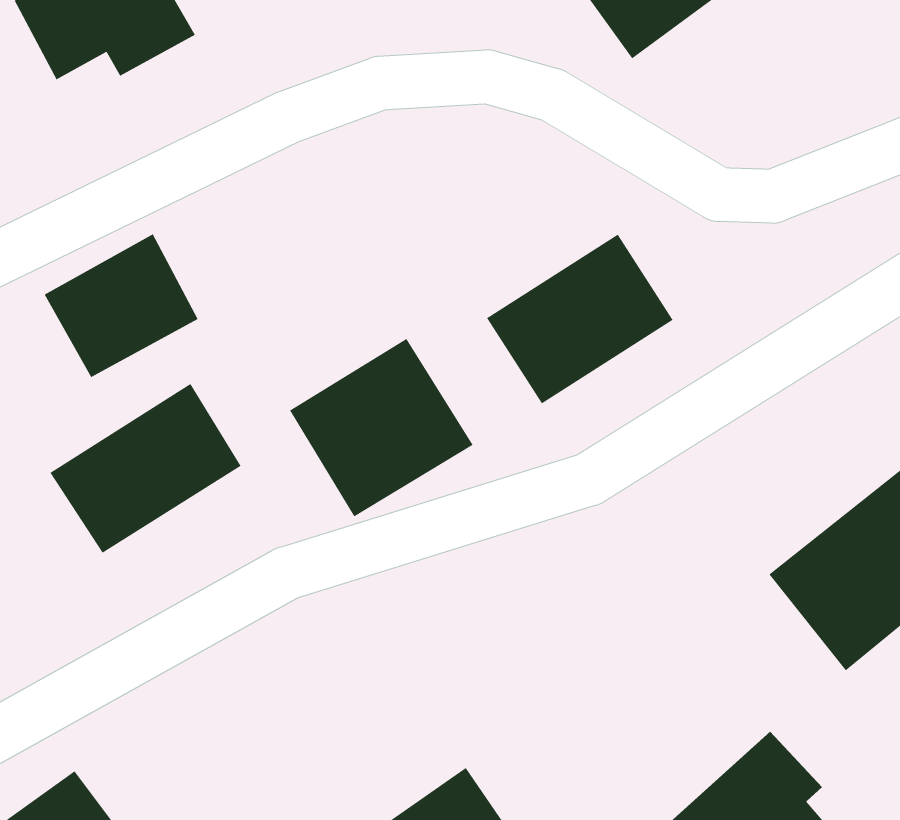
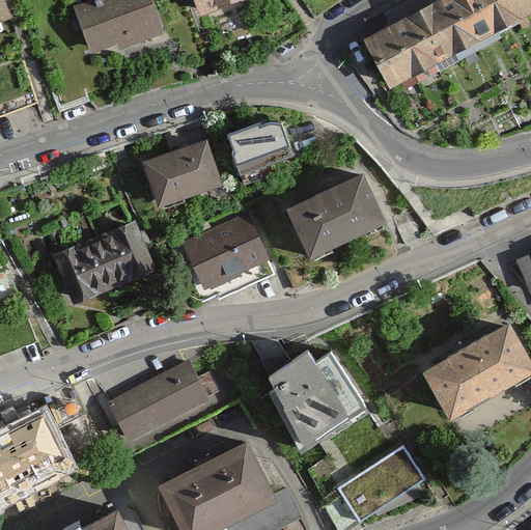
building: none -> [222,116,294,179]
building: [44,234,198,378] -> [145,141,223,211]
building: none -> [256,342,363,450]
building: none -> [108,362,213,442]

